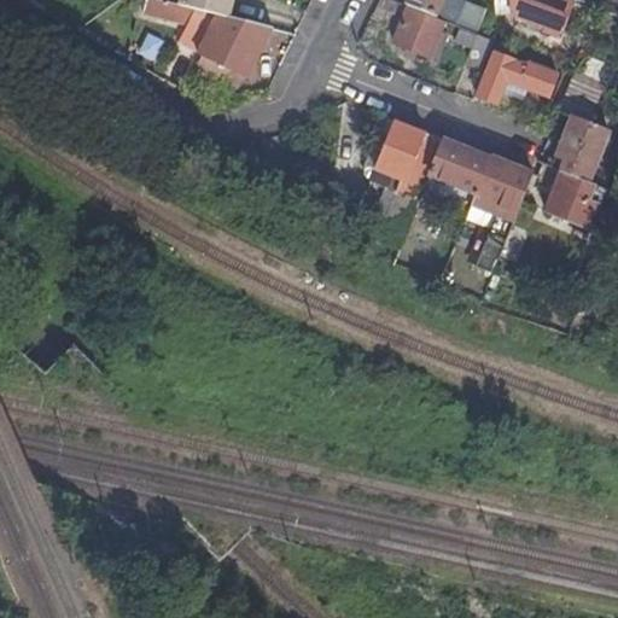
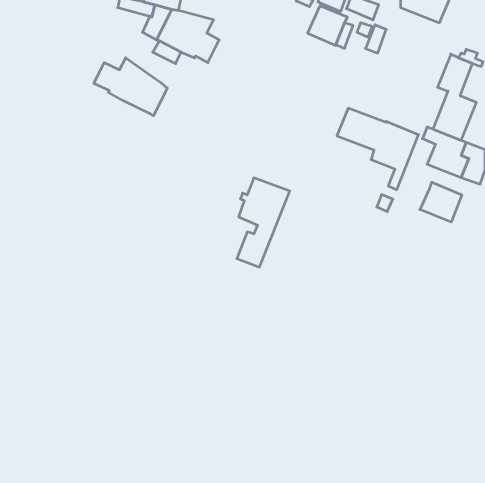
building: [474,41,553,101] -> none
building: none -> [94,58,167,116]
building: [372,118,439,232] -> [237,178,290,267]
building: none -> [420,182,462,222]

